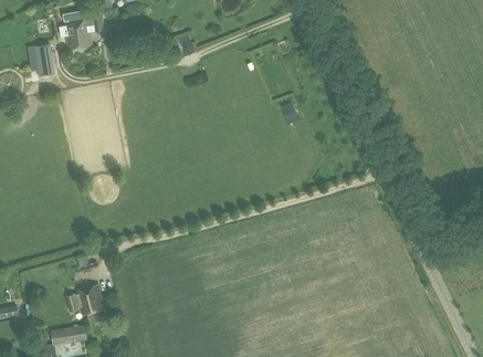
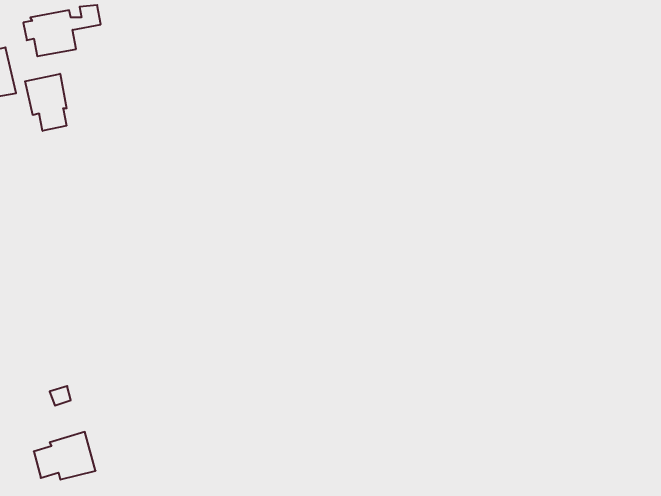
building: none -> [25,74,67,131]

